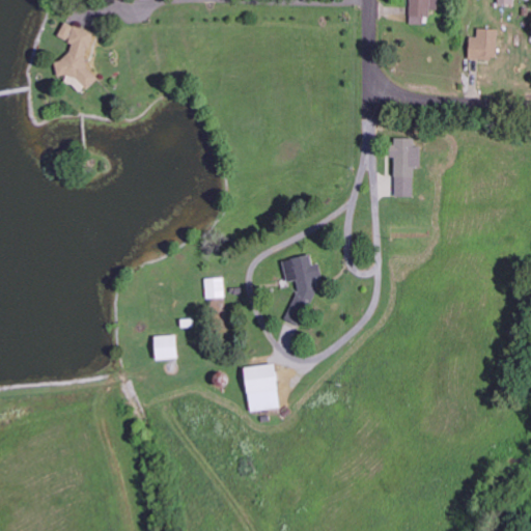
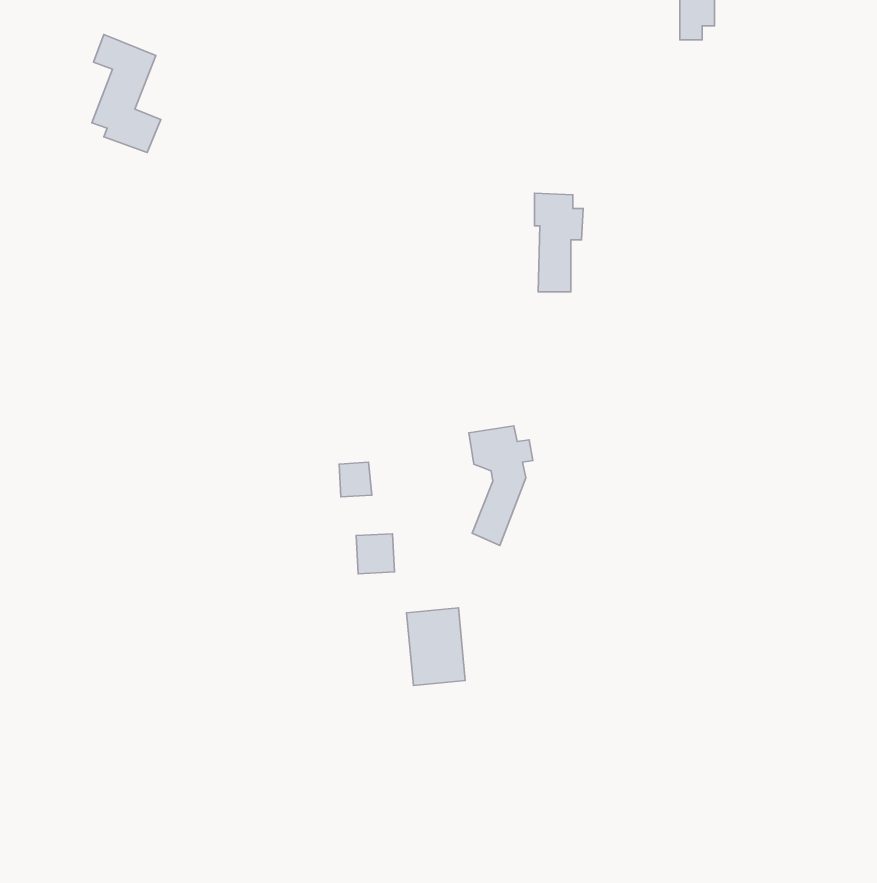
building: [467,28,496,59] -> none
building: [390,137,419,196] -> [535,193,583,292]
building: [153,335,176,359] -> [356,534,394,574]

